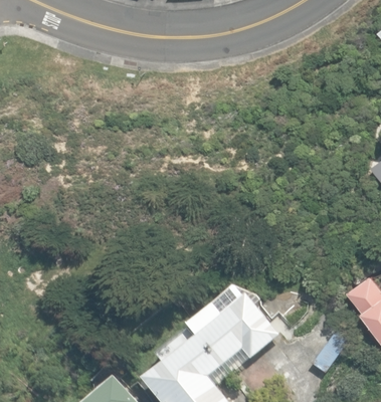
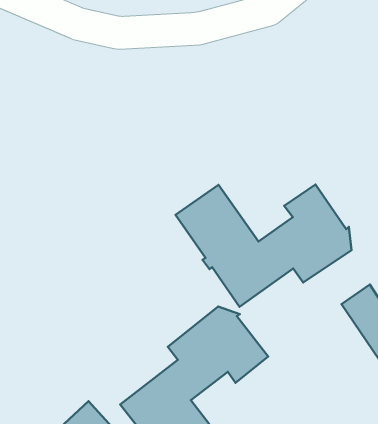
building: none -> [175,185,351,307]

